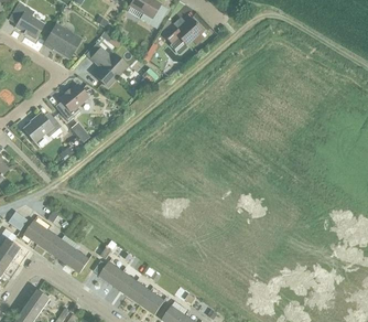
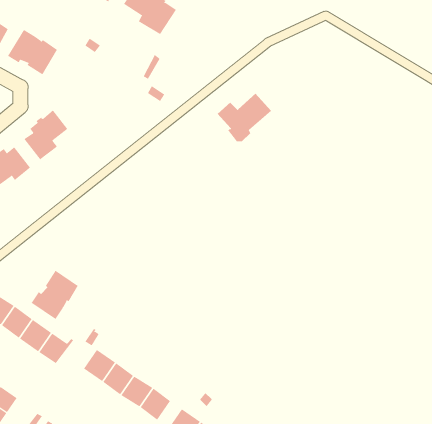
building: [161,17,202,53] -> [217,93,272,142]
building: [90,47,126,86] -> none
building: none -> [31,270,78,320]

